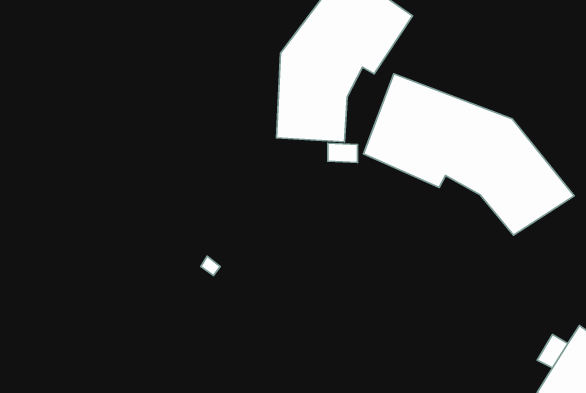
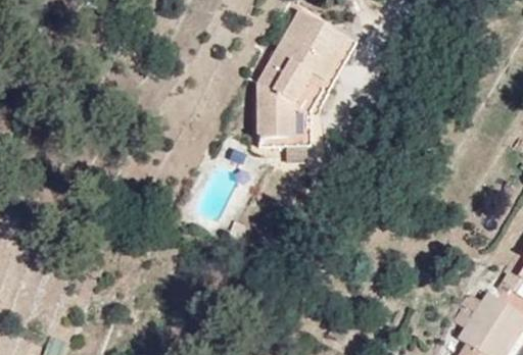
building: [363,74,574,235] -> none

